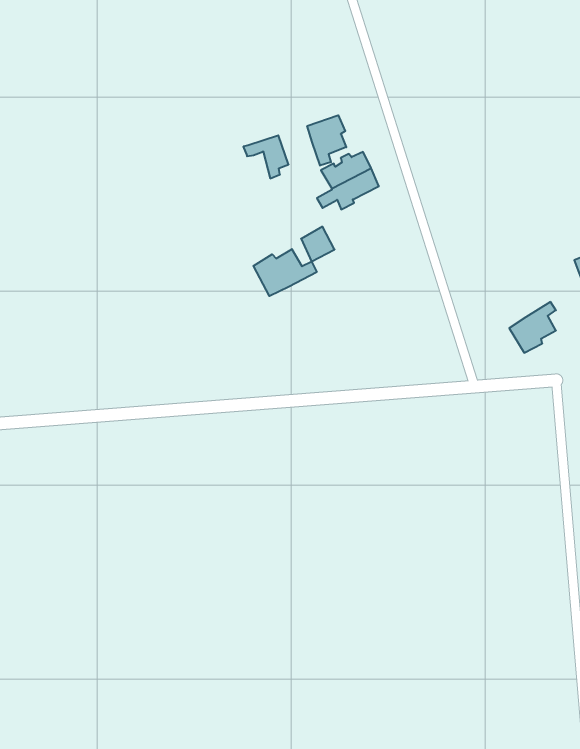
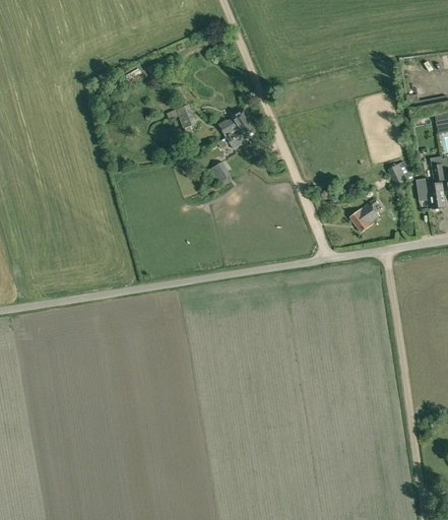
building: [307,115,346,166] -> none
building: [253,249,317,296] -> none

